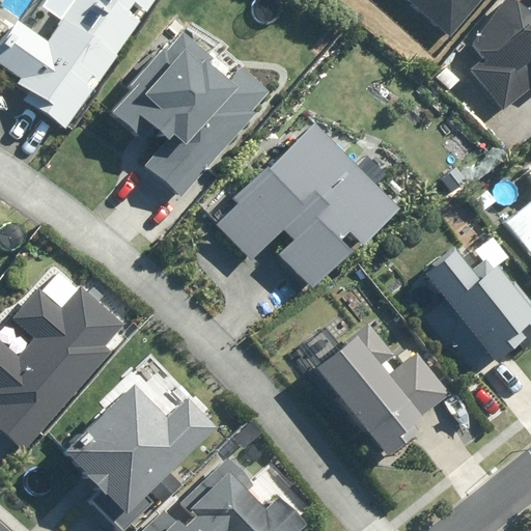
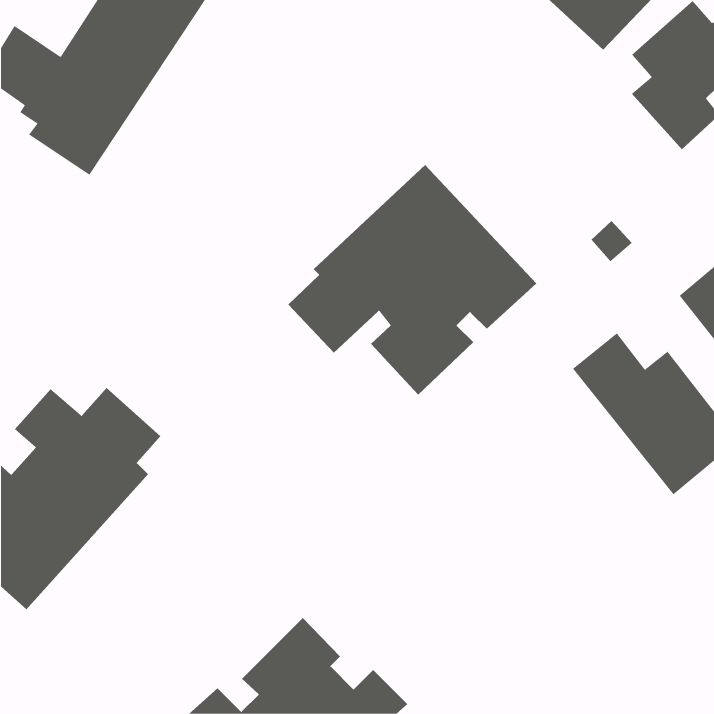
building: [109,18,269,194] -> none
building: [312,335,451,454] -> none
building: [62,384,214,514] -> none

